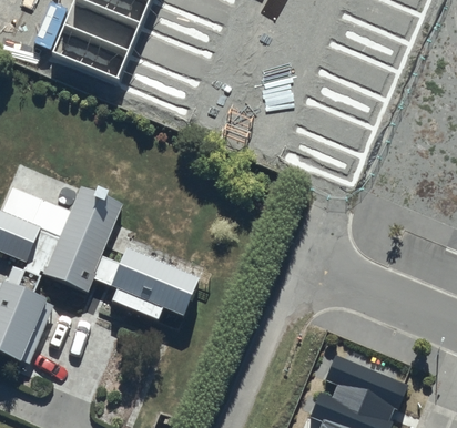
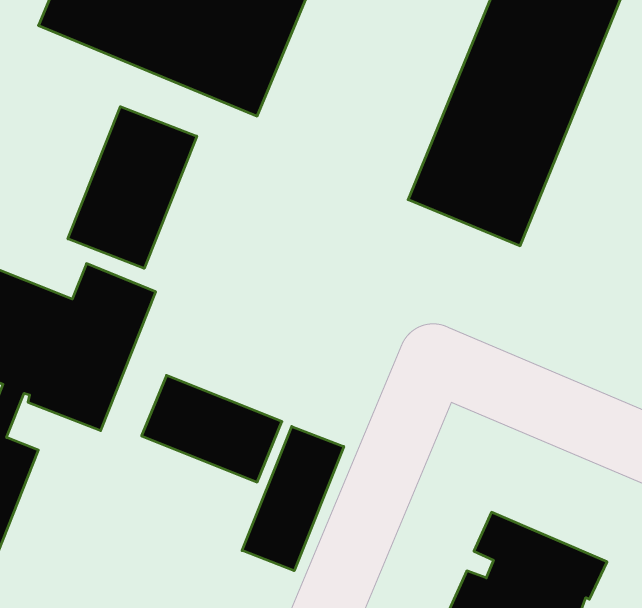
building: none -> [68,107,197,268]
building: none -> [242,426,344,571]

